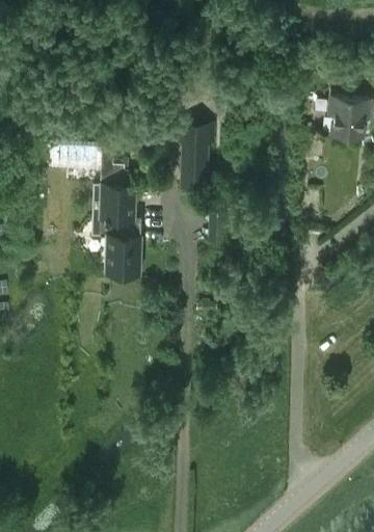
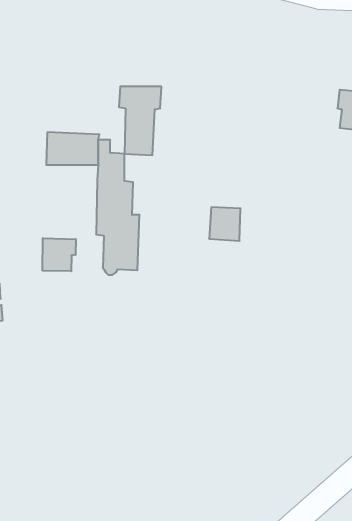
building: [175,124,215,189] -> [119,87,161,155]
building: none -> [43,238,76,271]

